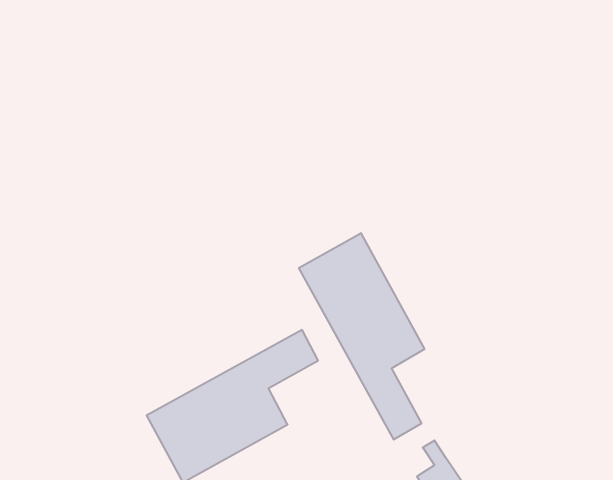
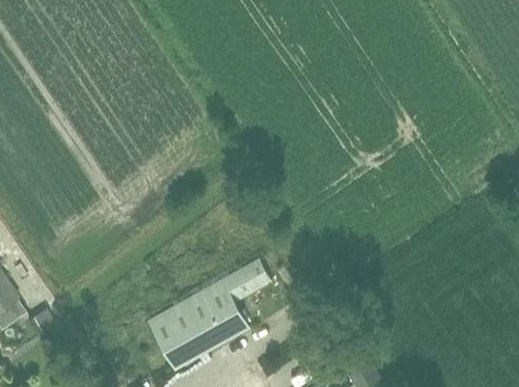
building: [299,233,424,440] -> none

